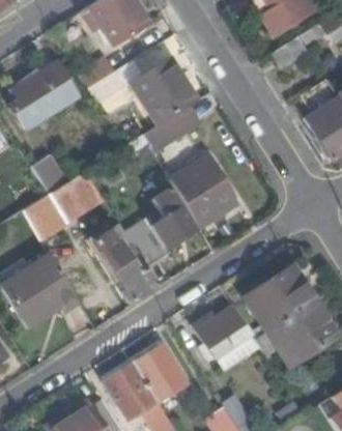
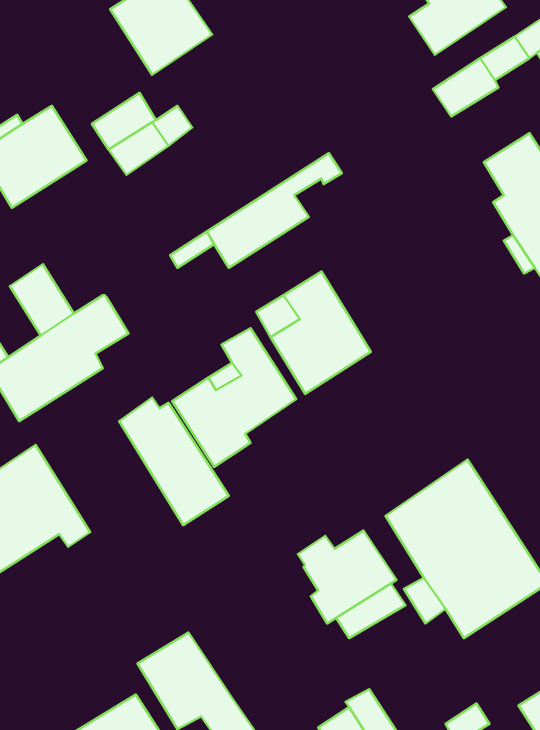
building: [139,57,194,115] -> none
building: [134,345,186,399] -> none

